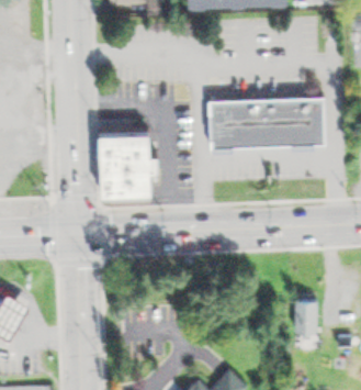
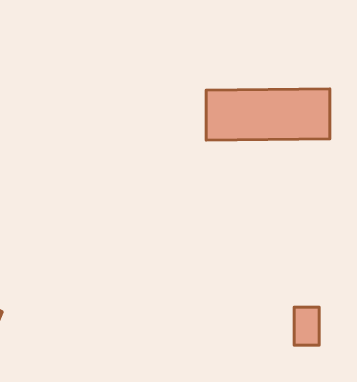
building: [100,129,151,192] -> none

